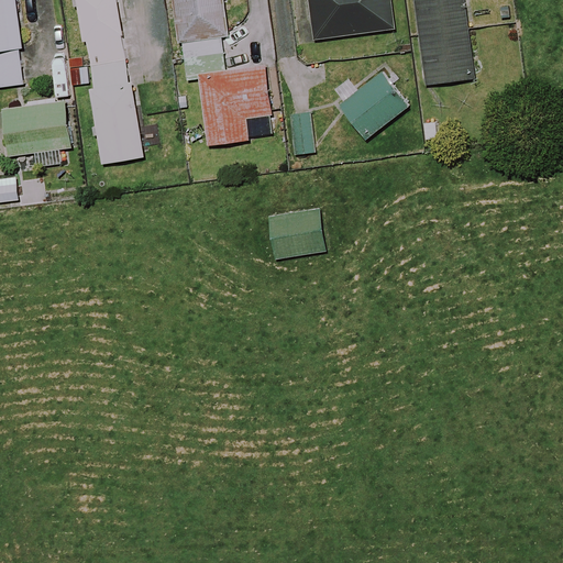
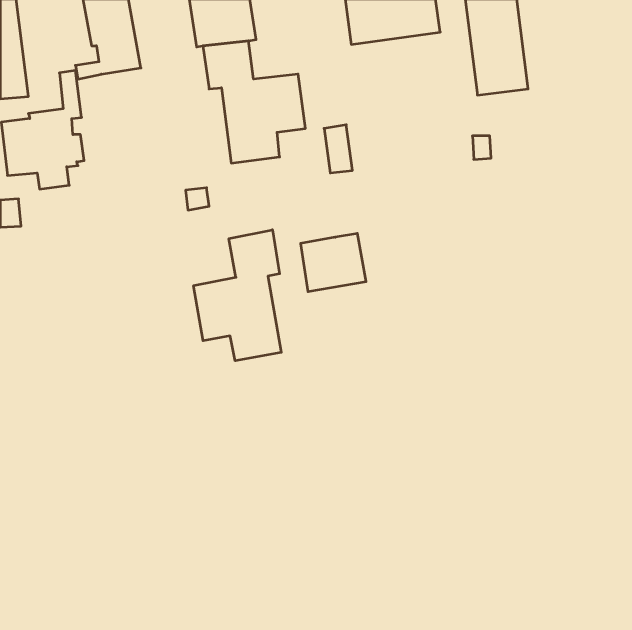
building: [88,60,158,164] -> none
building: [338,70,408,140] -> none
building: none -> [194,230,281,361]

